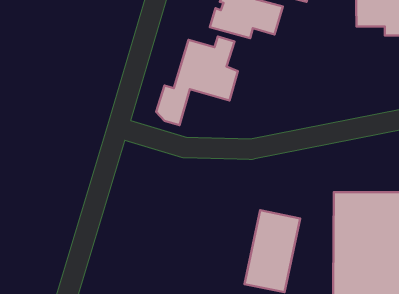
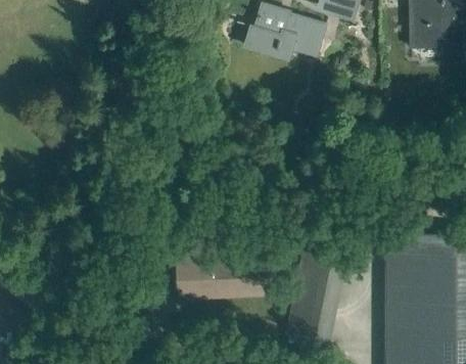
building: [156,37,238,125] -> none
building: none -> [176,254,268,300]

